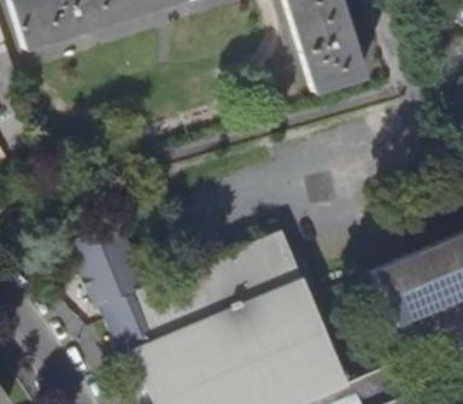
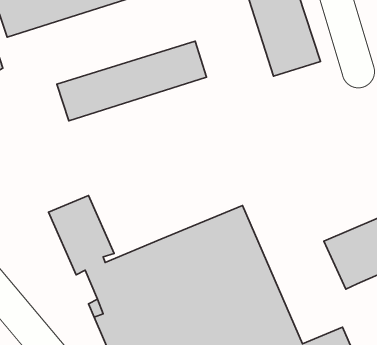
building: none -> [57,41,207,121]

